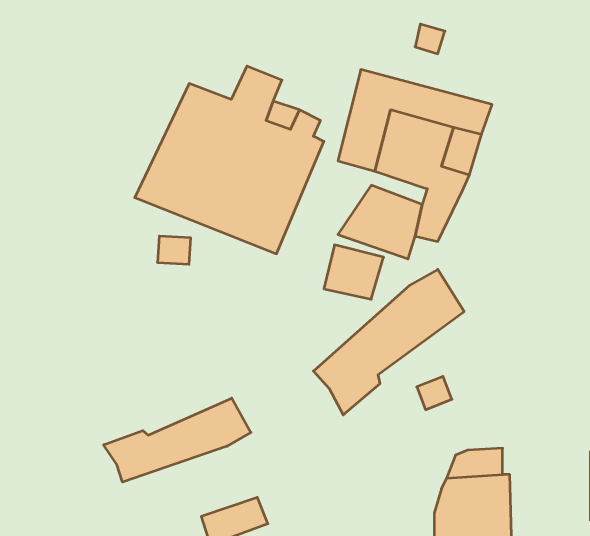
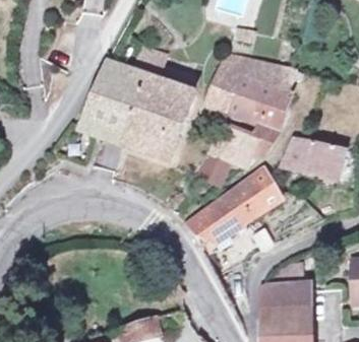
building: none -> [284,136,345,181]
building: [104,398,251,482] -> none

